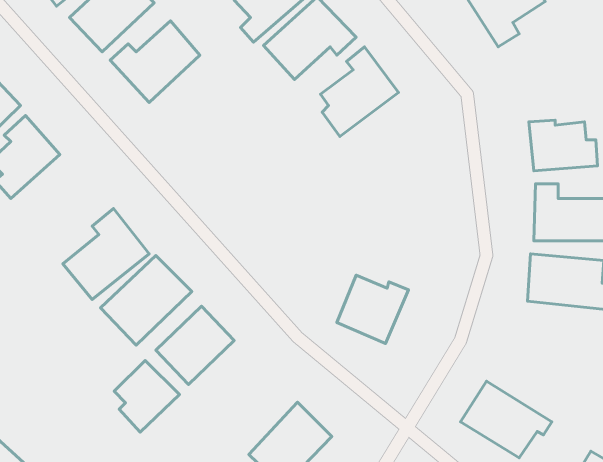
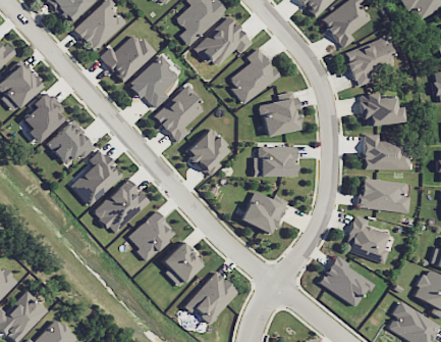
building: none -> [344,36,397,86]
building: none -> [127,55,179,108]
building: none -> [153,86,206,142]
building: none -> [259,97,301,137]
building: none -> [46,120,96,164]
building: none -> [185,128,230,177]
building: none -> [253,145,297,177]
building: none -> [344,215,392,262]
building: [114,360,179,432] -> [162,242,203,287]

